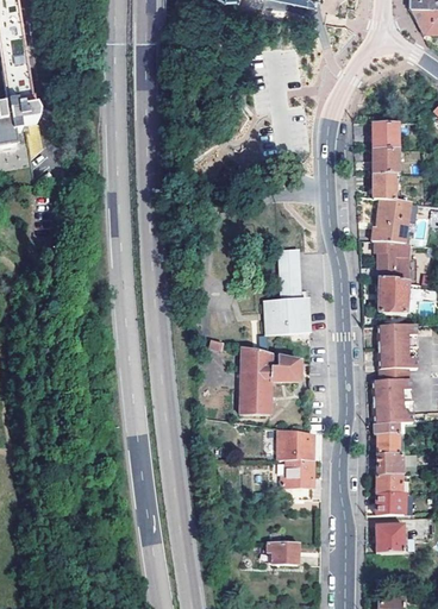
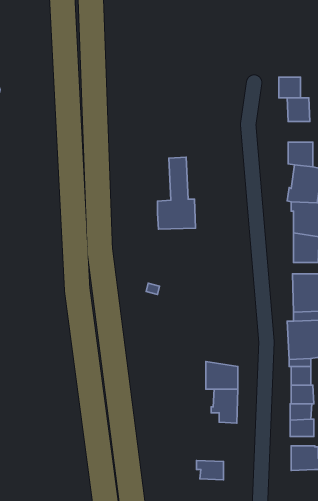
building: [373,149,398,172] -> [279,77,300,98]
building: [265,249,309,332] -> [157,157,195,229]
building: [239,345,300,413] -> none

